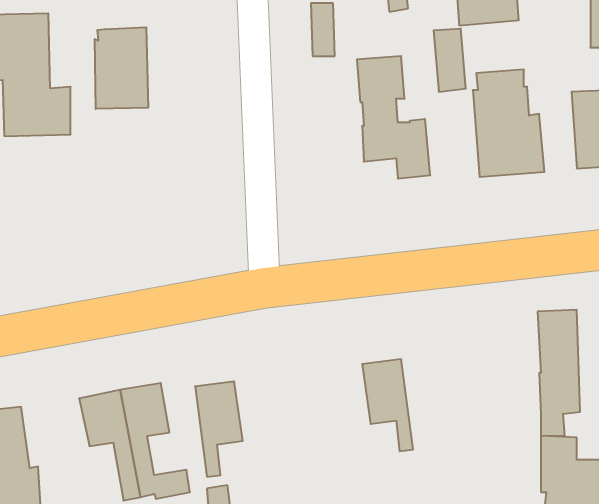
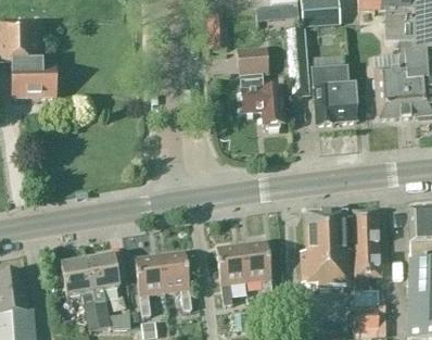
building: [95,27,148,109] -> none
building: none -> [301,211,355,286]
building: none -> [216,243,246,304]
building: none -> [160,251,192,310]

